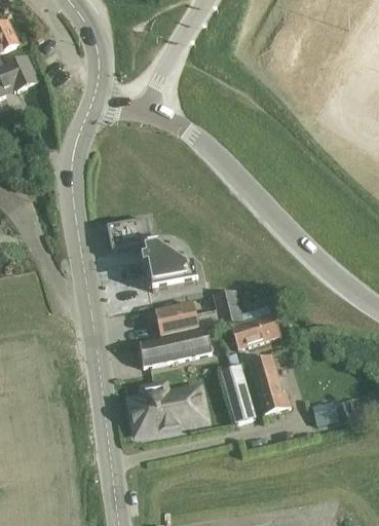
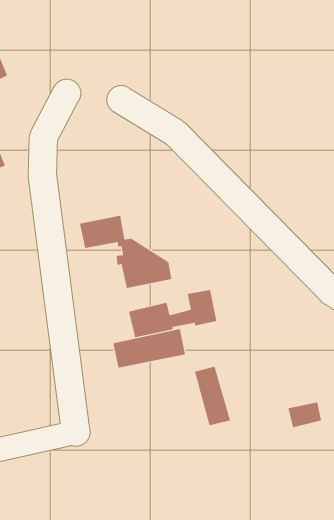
building: [229,311,279,348] -> none
building: [248,354,291,413] -> none
building: [130,383,205,433] -> none

